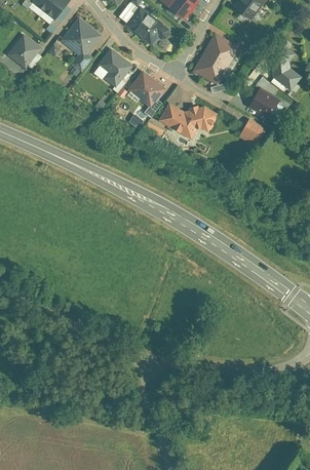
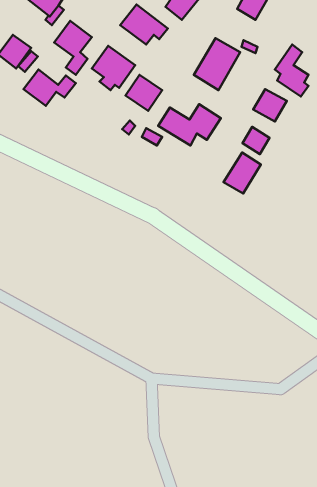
building: none -> [24,69,76,106]
building: none -> [224,153,261,194]

